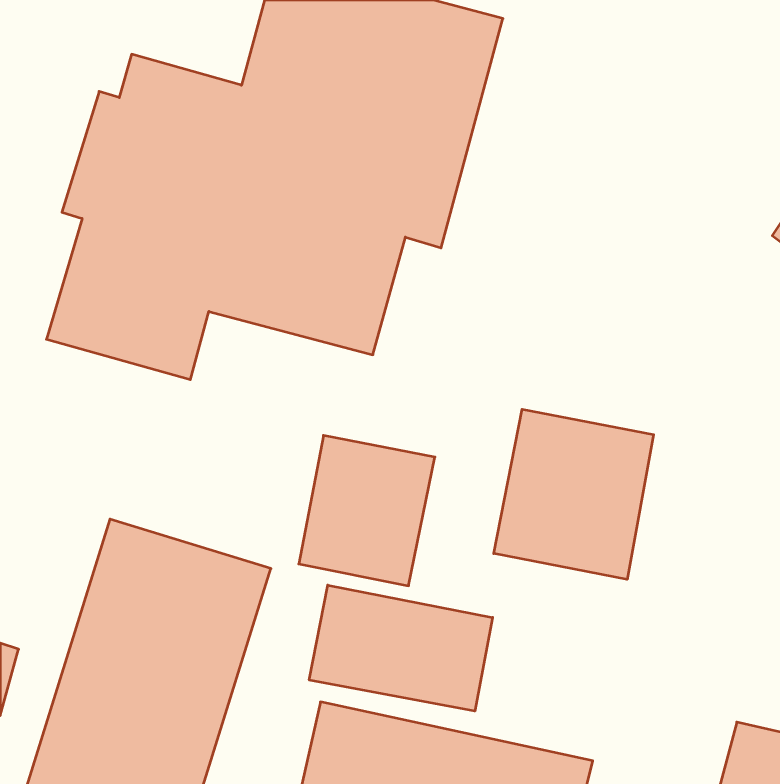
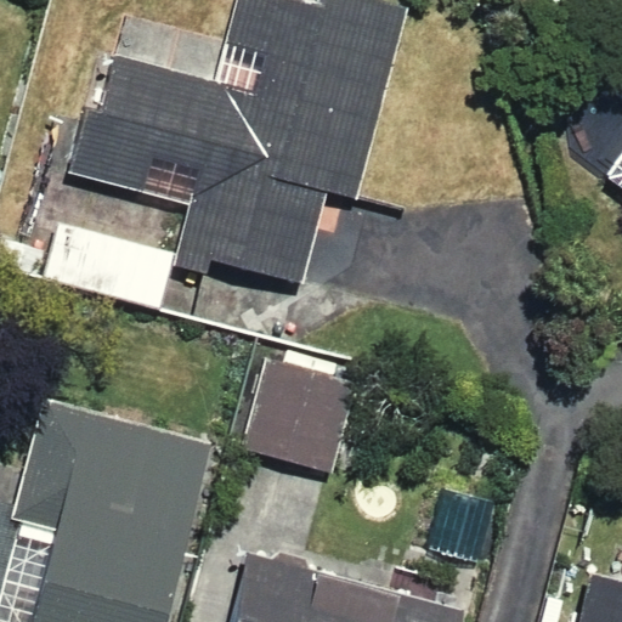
building: [494,409,654,579] -> none
building: [309,585,493,711] -> none

